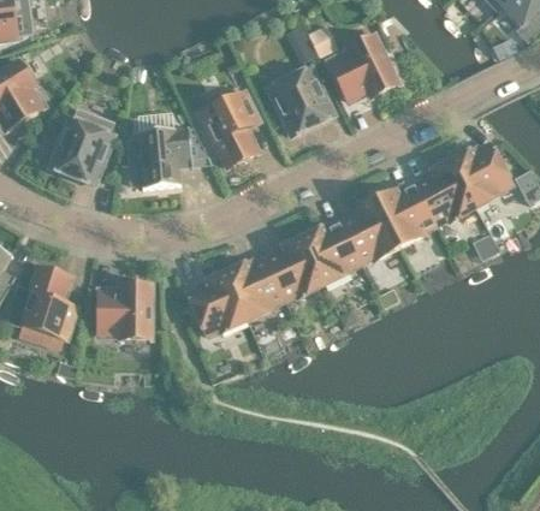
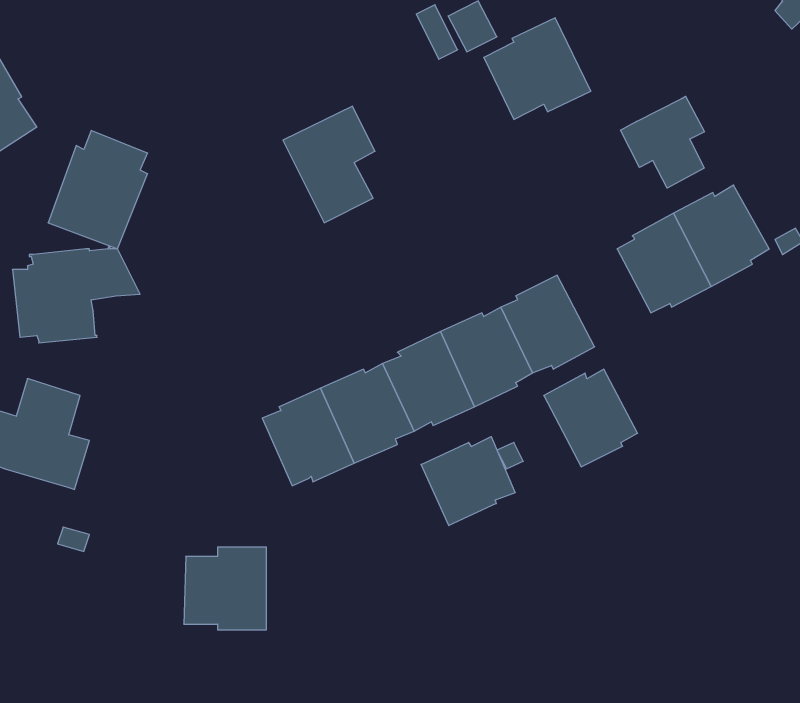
building: [268,66,334,135] -> none
building: none -> [621,96,704,188]
building: [126,126,208,188] -> [12,247,140,343]
building: [376,183,437,245] -> [544,369,638,467]
building: [99,284,152,337] -> [184,547,266,630]
building: none -> [421,437,515,526]

